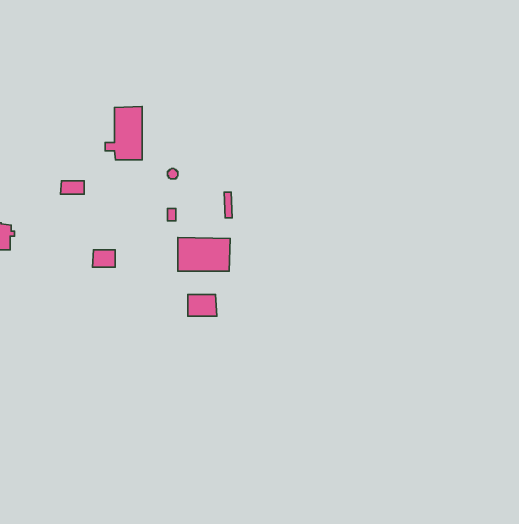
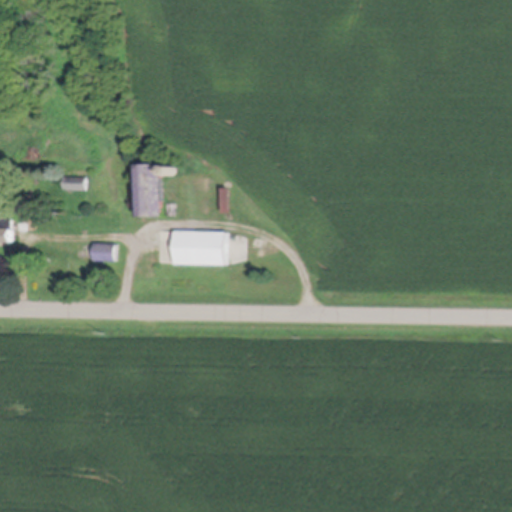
building: [105,107,142,160] -> [124,164,160,216]
building: [188,294,217,316] -> none

